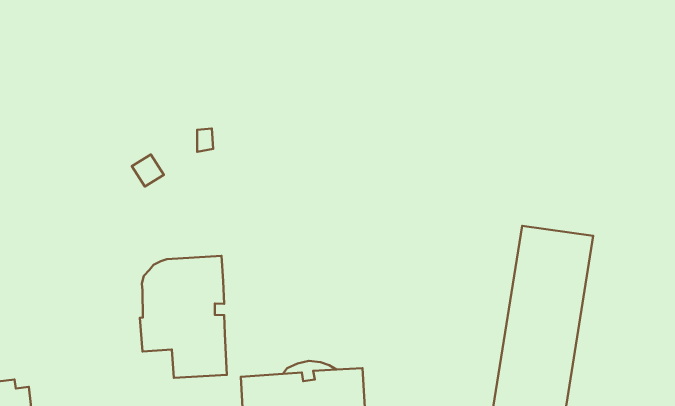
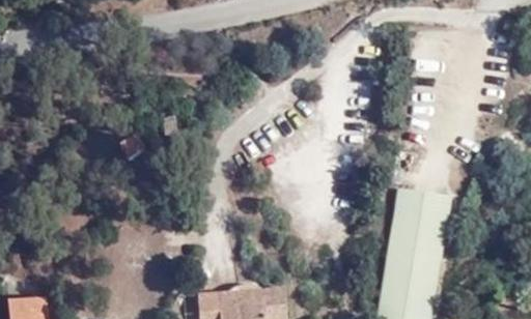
building: [140,256,227,378] -> none

